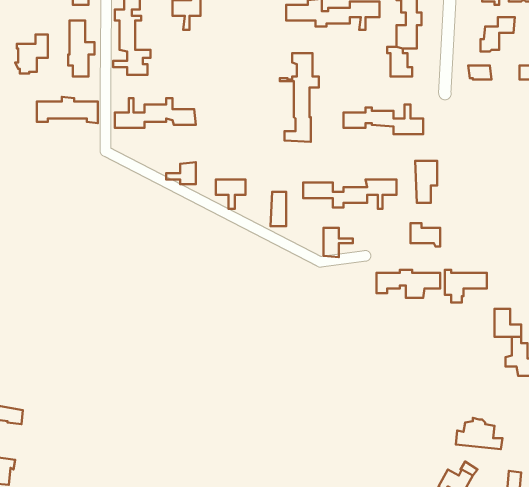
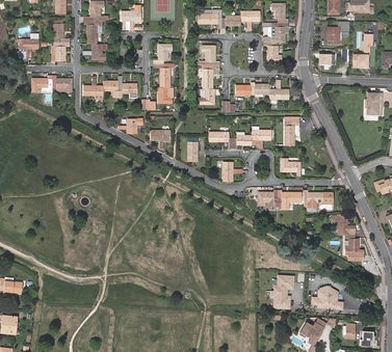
building: none -> [153,44,173,104]
building: none -> [269,274,294,308]

